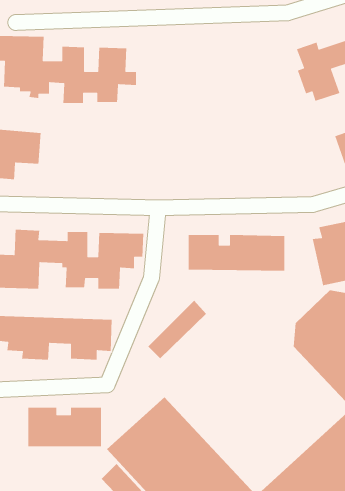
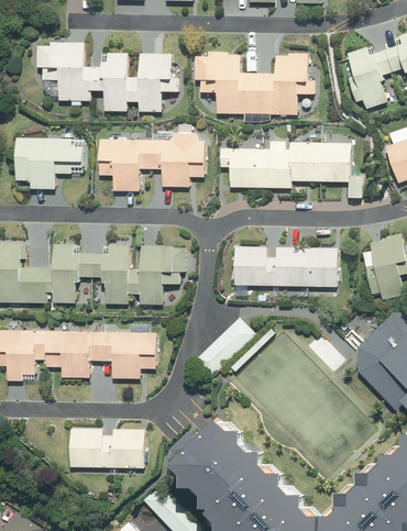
building: none -> [195,52,316,123]
building: none -> [99,132,206,191]
building: none -> [219,141,362,198]

